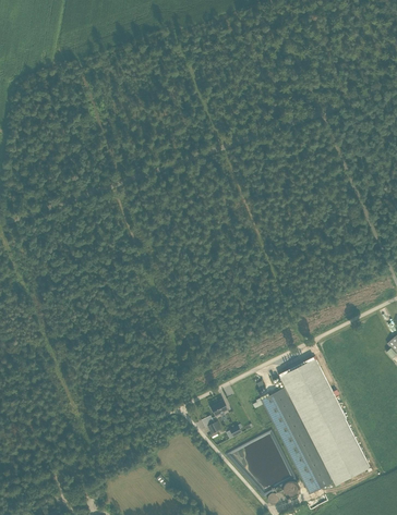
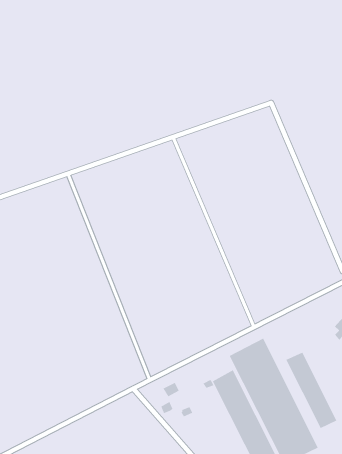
building: none -> [285,352,337,429]

